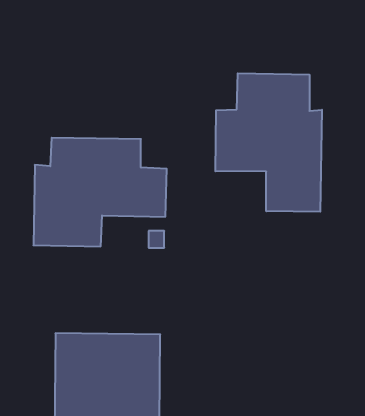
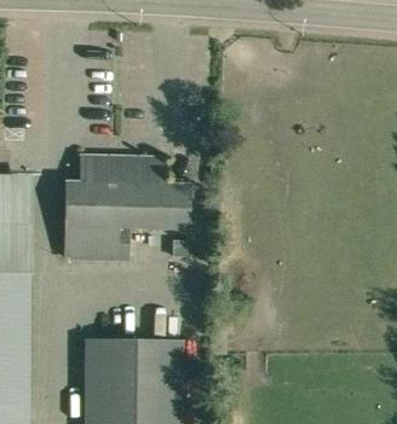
building: [215,73,322,212] -> none

